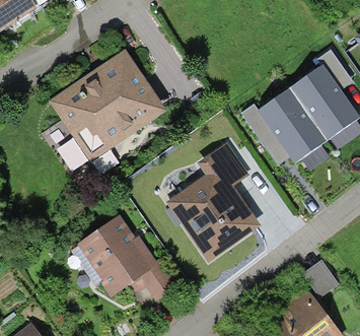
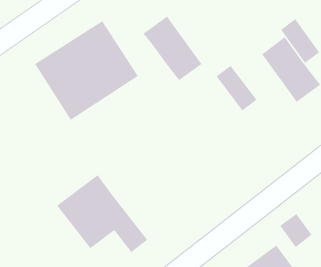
building: [267,87,331,157] -> [143,16,202,81]
building: [166,143,260,264] -> none

